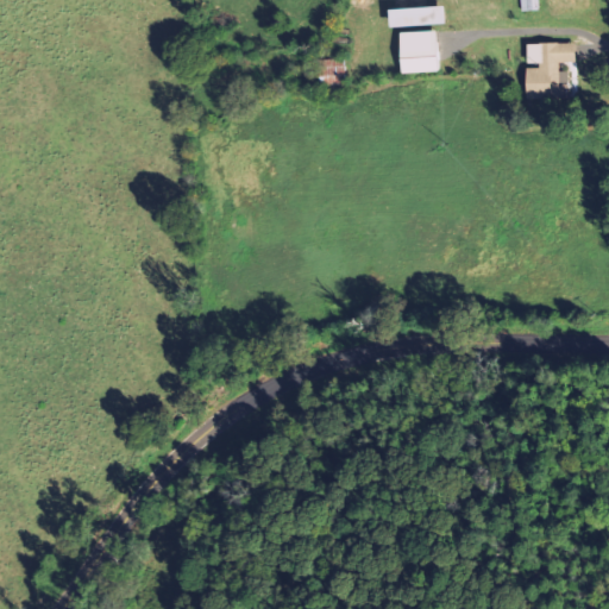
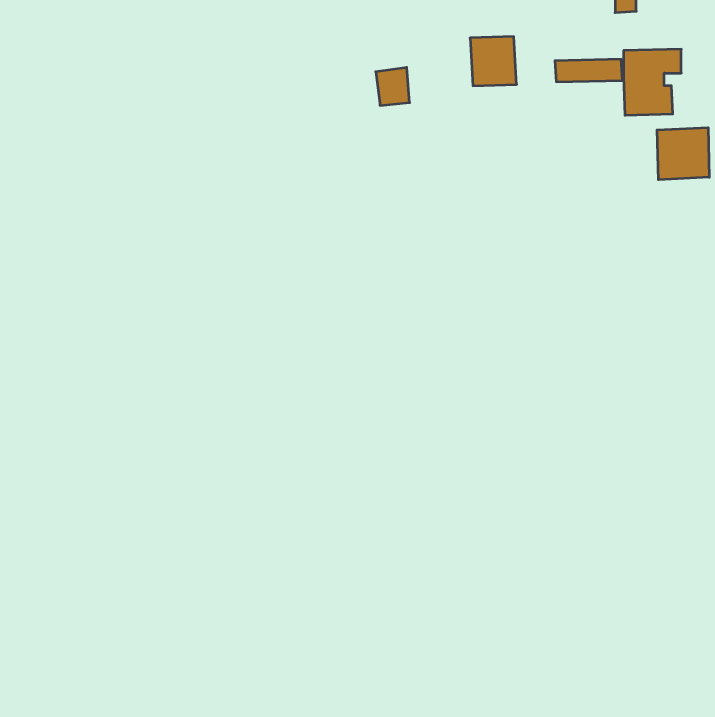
building: [387,7,444,26] -> [555,59,622,82]
building: none -> [657,128,709,180]

